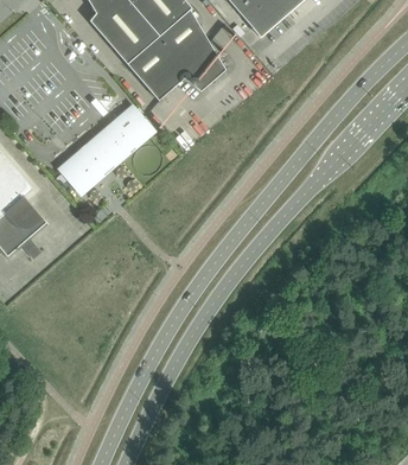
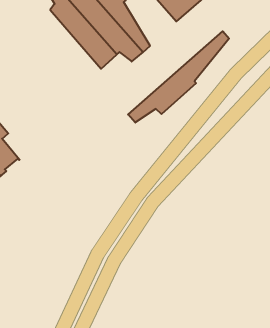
building: none -> [128,31,229,123]
building: [65,107,152,187] -> none

